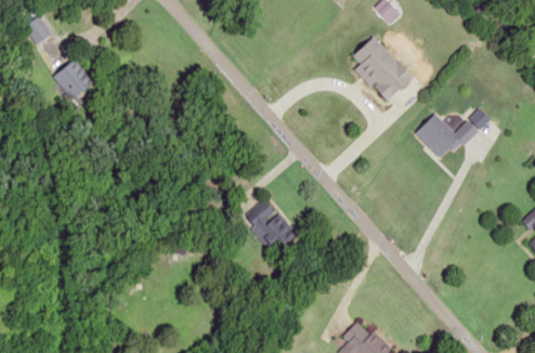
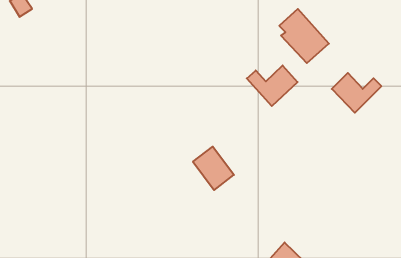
building: [54,63,90,97] -> none
building: none -> [247,65,298,106]

